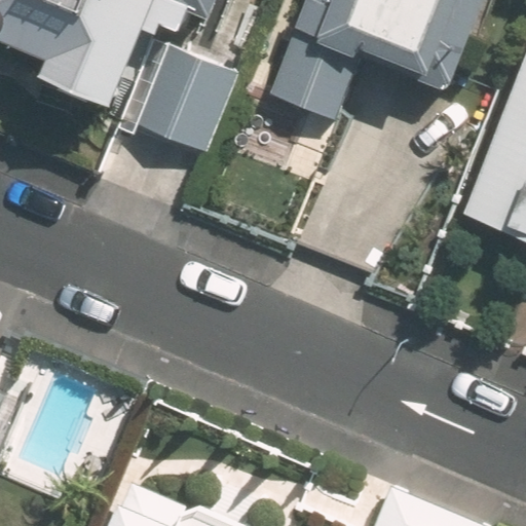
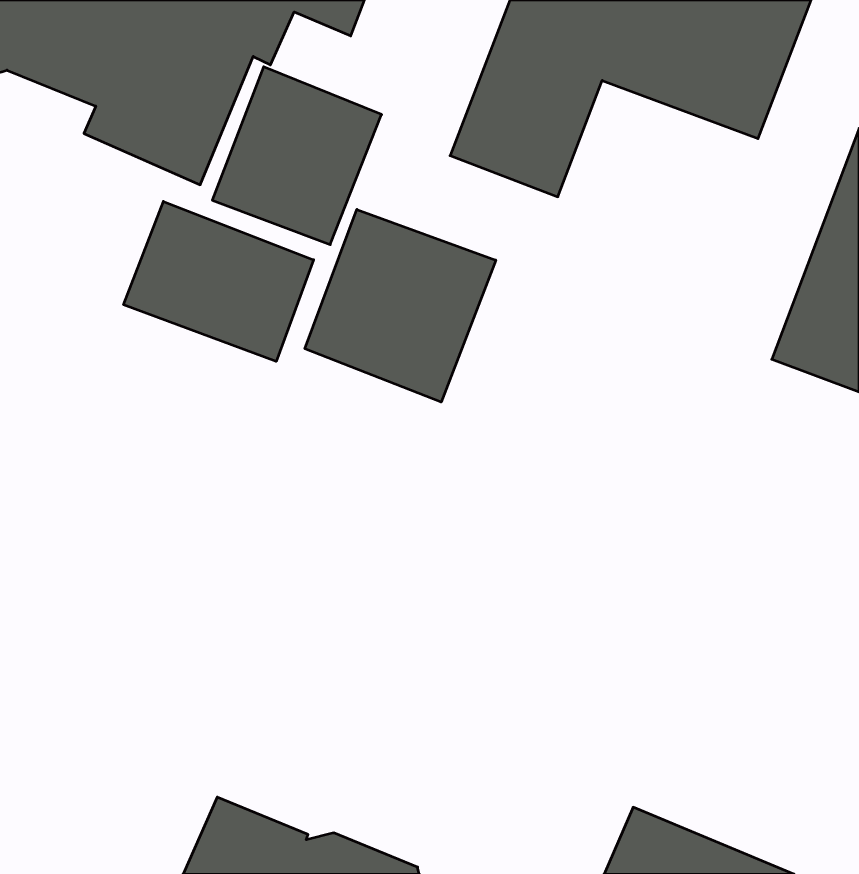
building: none -> [124,201,314,361]
building: none -> [305,209,496,402]

